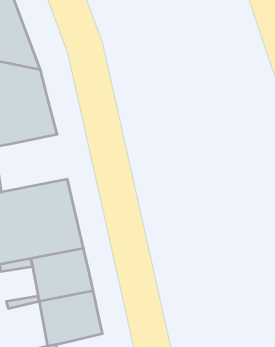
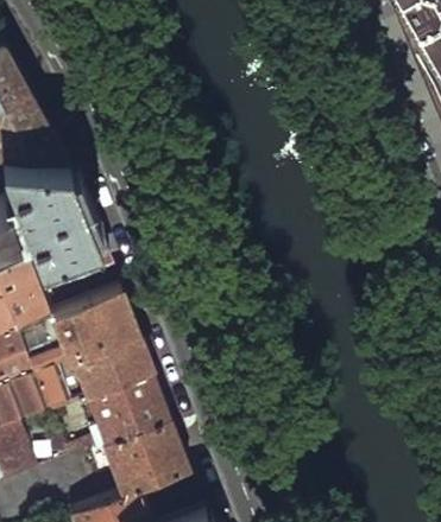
building: none -> [44,236,111,285]

